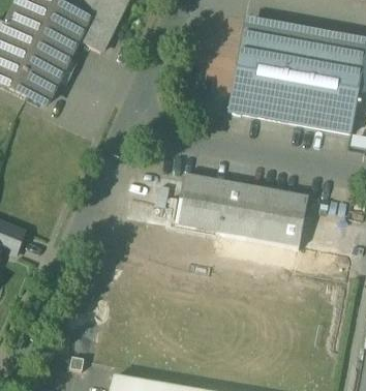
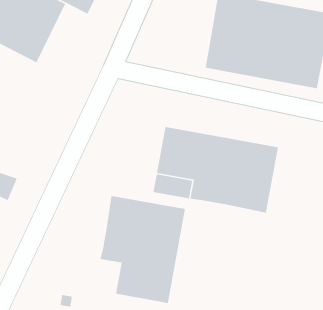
building: none -> [99,195,186,304]

